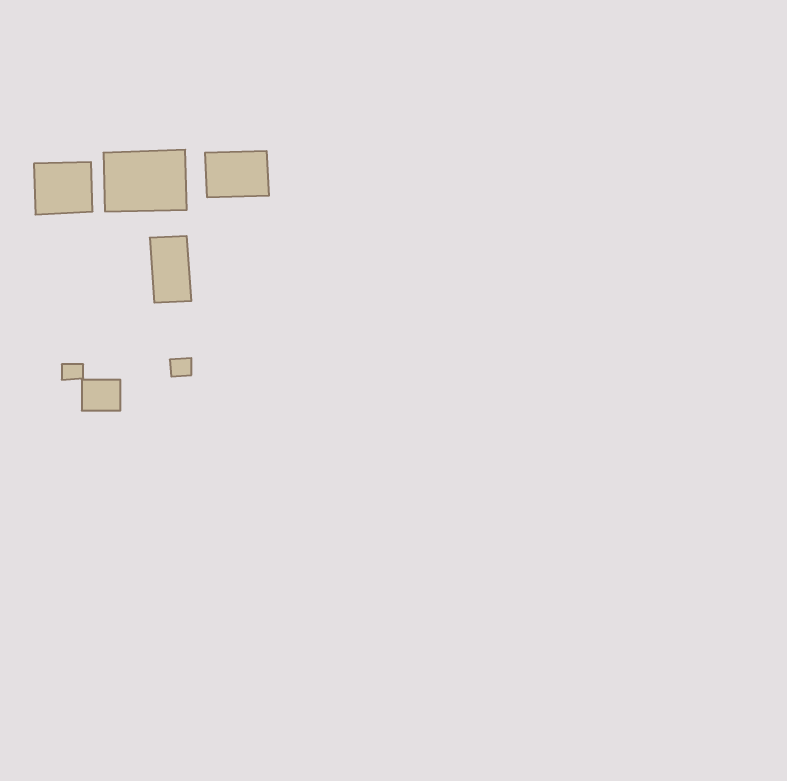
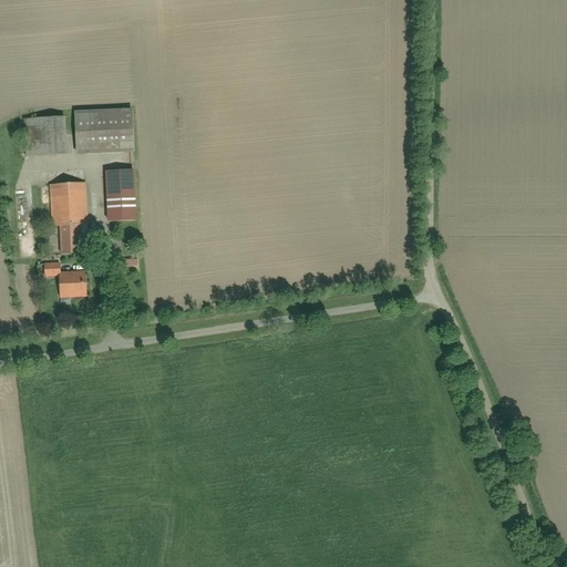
building: [205,151,269,197] -> none
building: none -> [50,179,85,252]

